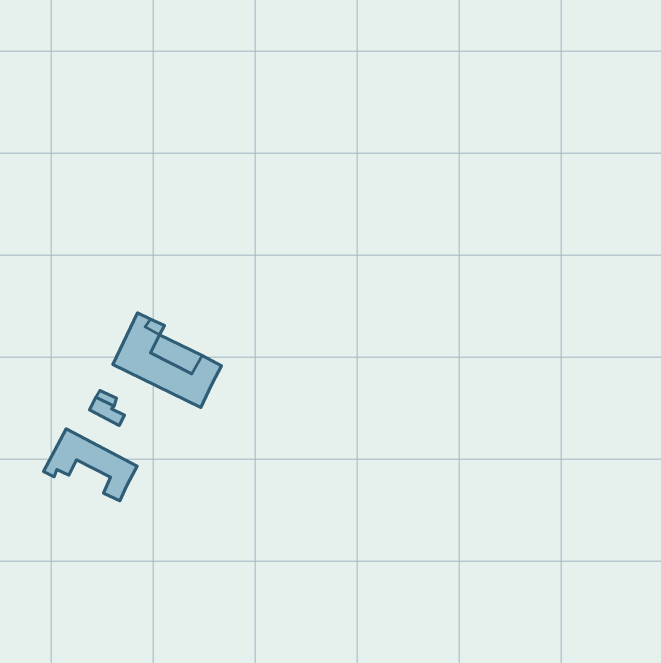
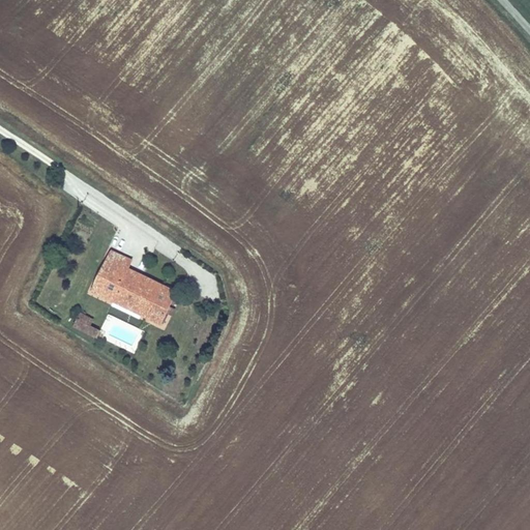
building: [44,429,137,501] -> none

